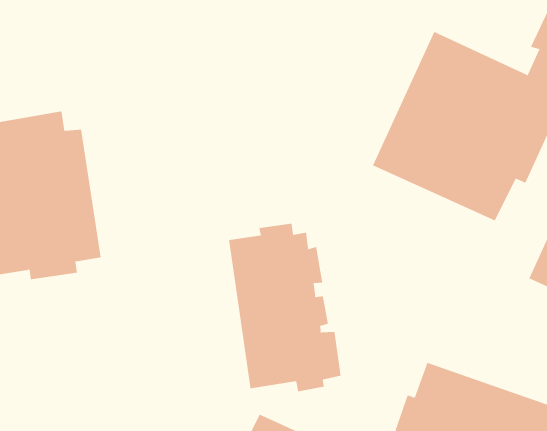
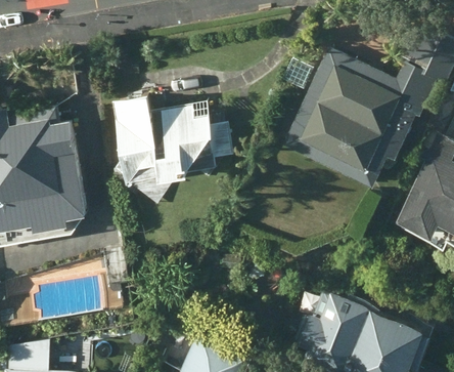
building: none -> [111,90,232,182]
building: [229,223,341,392] -> none

